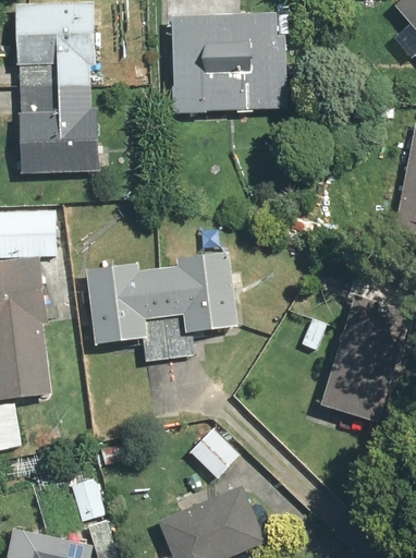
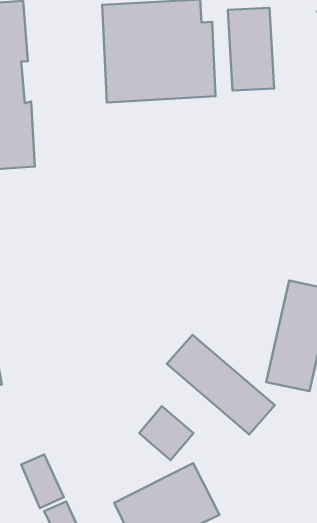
building: none -> [228,8,274,90]
building: [87,252,238,361] -> none
building: none -> [167,335,275,434]

